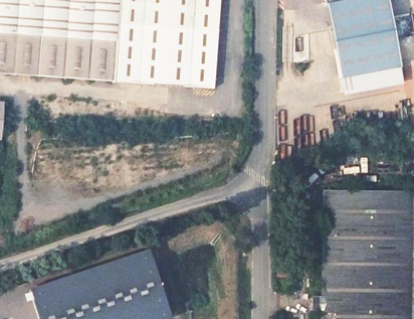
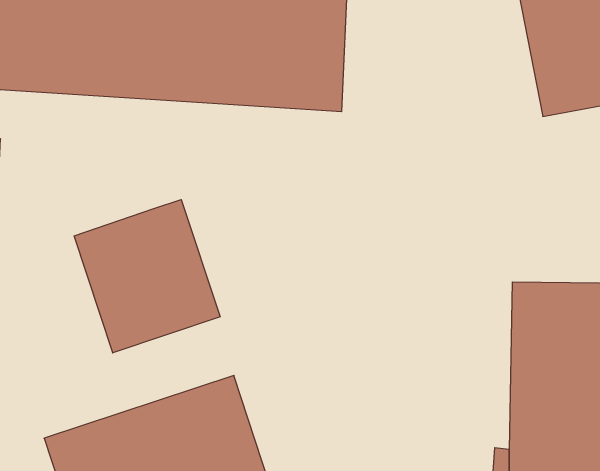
building: none -> [74,200,220,353]

